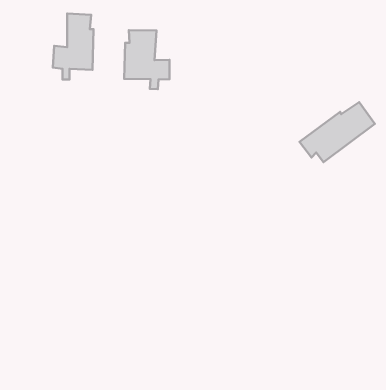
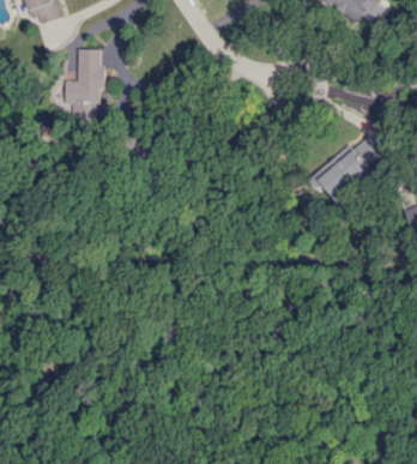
building: [124,30,170,89] -> none

